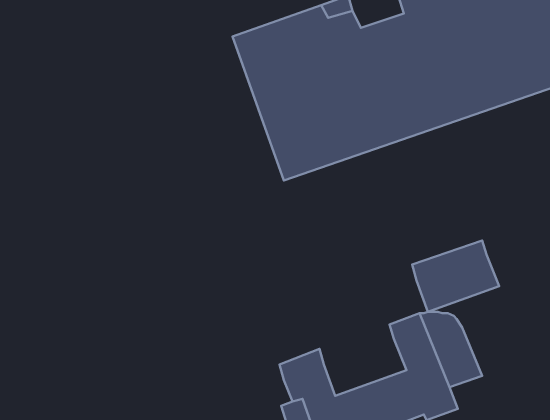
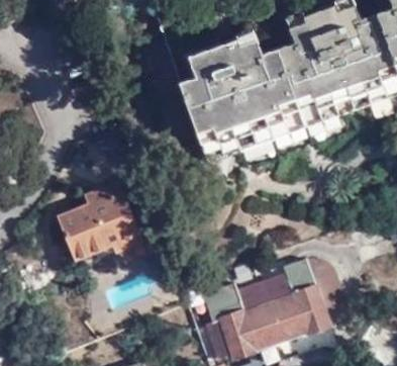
building: none -> [57,181,140,261]
building: [412,240,499,312] -> [232,263,294,313]

